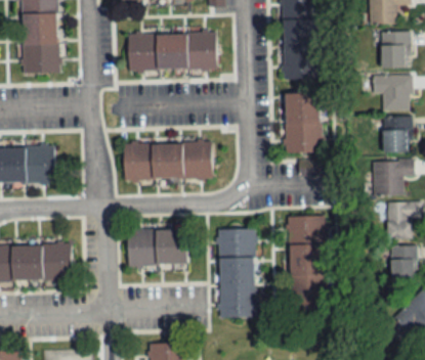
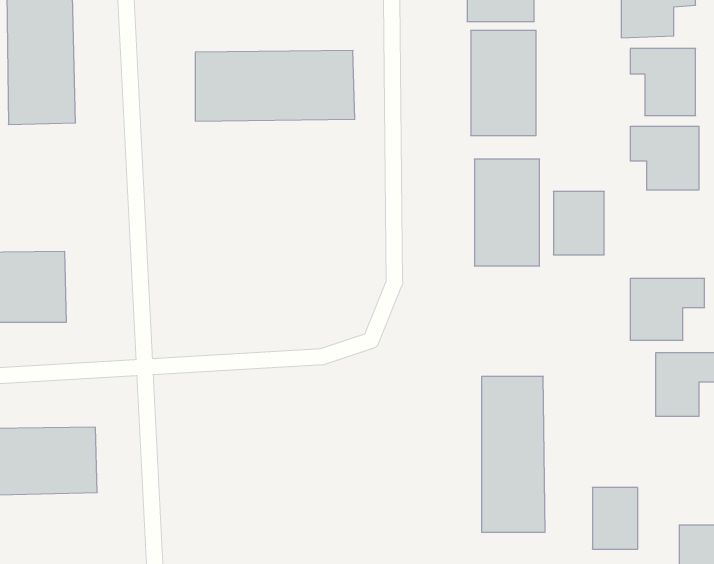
building: [382,117,411,152] -> [553,191,604,255]
building: [124,142,212,181] -> none
building: [128,229,187,267] -> none
building: [217,229,256,317] -> none
building: [390,246,416,281] -> [592,488,638,549]

